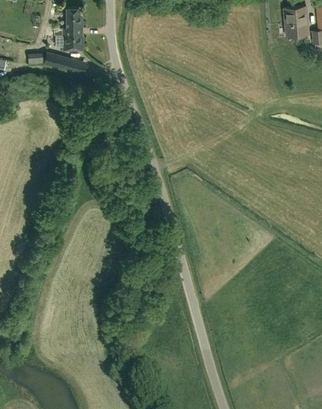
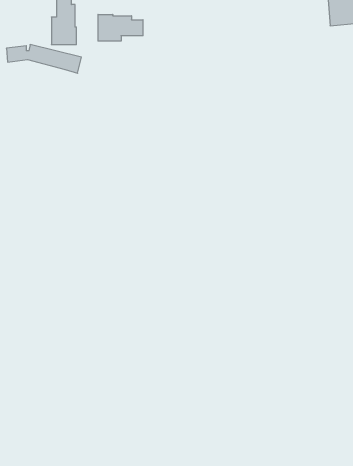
building: none -> [98,14,143,41]

